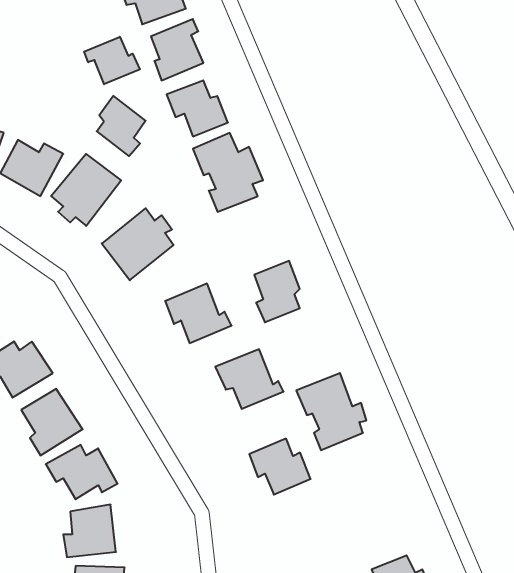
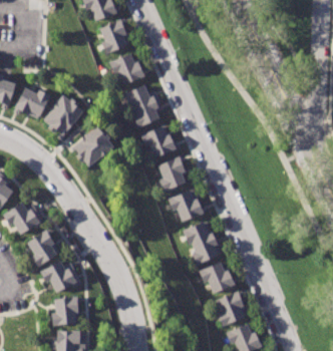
building: [84,37,140,84] -> none
building: [97,96,146,156] -> none
building: [165,284,232,343] -> [141,124,180,158]
building: [215,349,284,409] -> [168,189,207,223]
building: [249,439,311,495] -> [200,262,235,294]
building: none -> [218,290,249,325]

